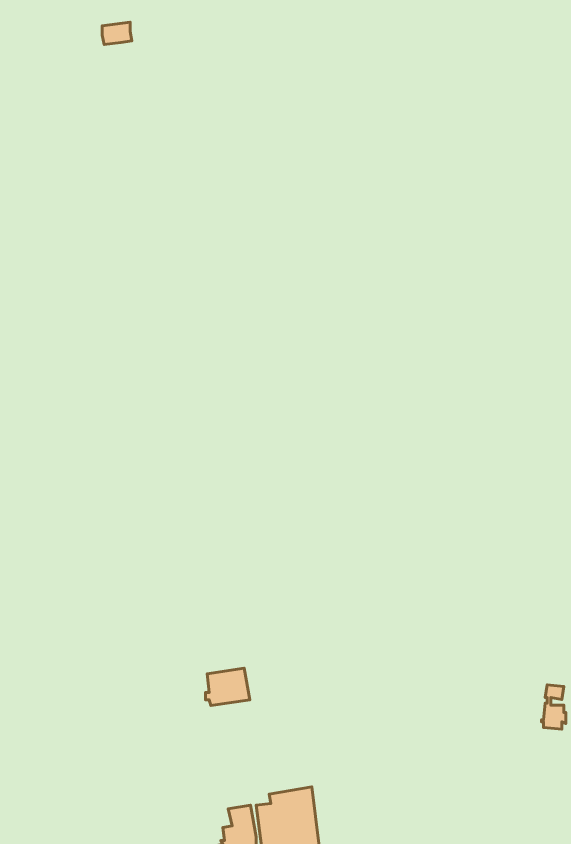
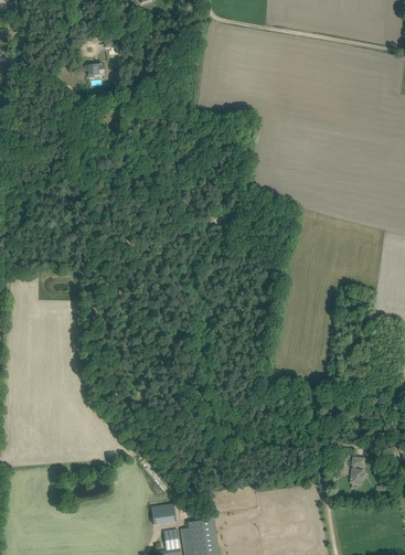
building: [205,668,250,705] -> [150,503,177,525]

